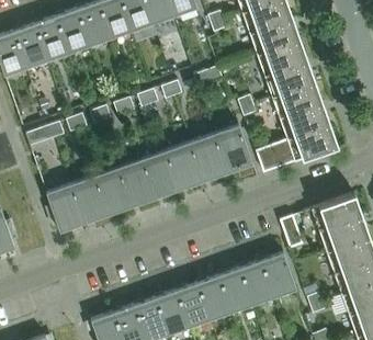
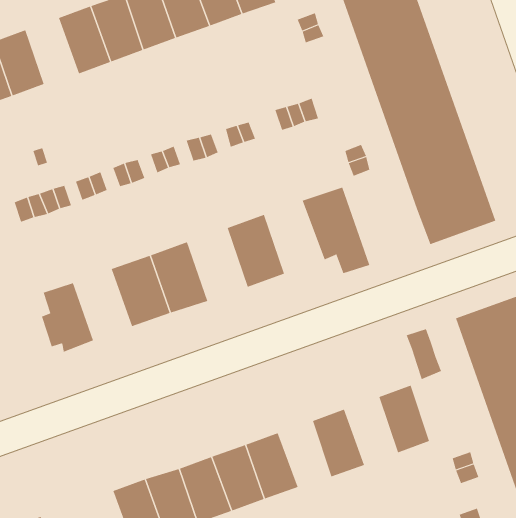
building: [35,16,69,59] -> none
building: [189,134,227,181] -> none
building: [256,139,295,173] -> none
building: [139,151,178,199] -> none
building: [66,178,103,224] -> none
building: [240,260,274,304] -> none
building: [197,275,231,318] -> none

